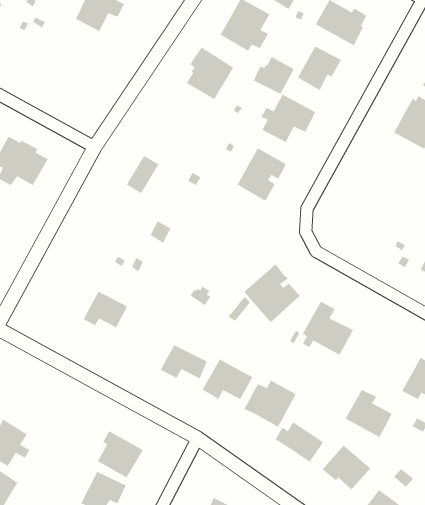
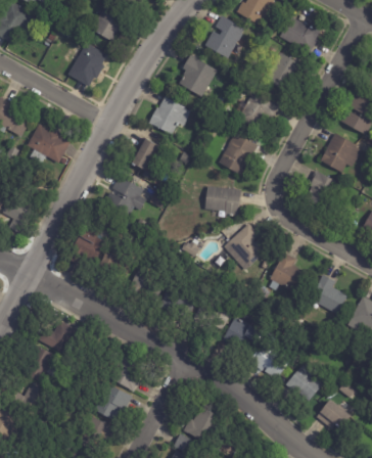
building: none -> [66,44,106,88]
building: [253,56,295,95] -> none
building: none -> [148,96,190,134]
building: none -> [320,132,361,172]
building: none -> [304,169,338,210]
building: none -> [103,176,145,216]
building: none -> [204,185,240,216]
building: none -> [66,222,108,263]
building: none -> [126,268,164,296]
building: none -> [38,321,77,354]
building: [344,389,393,438] -> [309,275,346,314]

